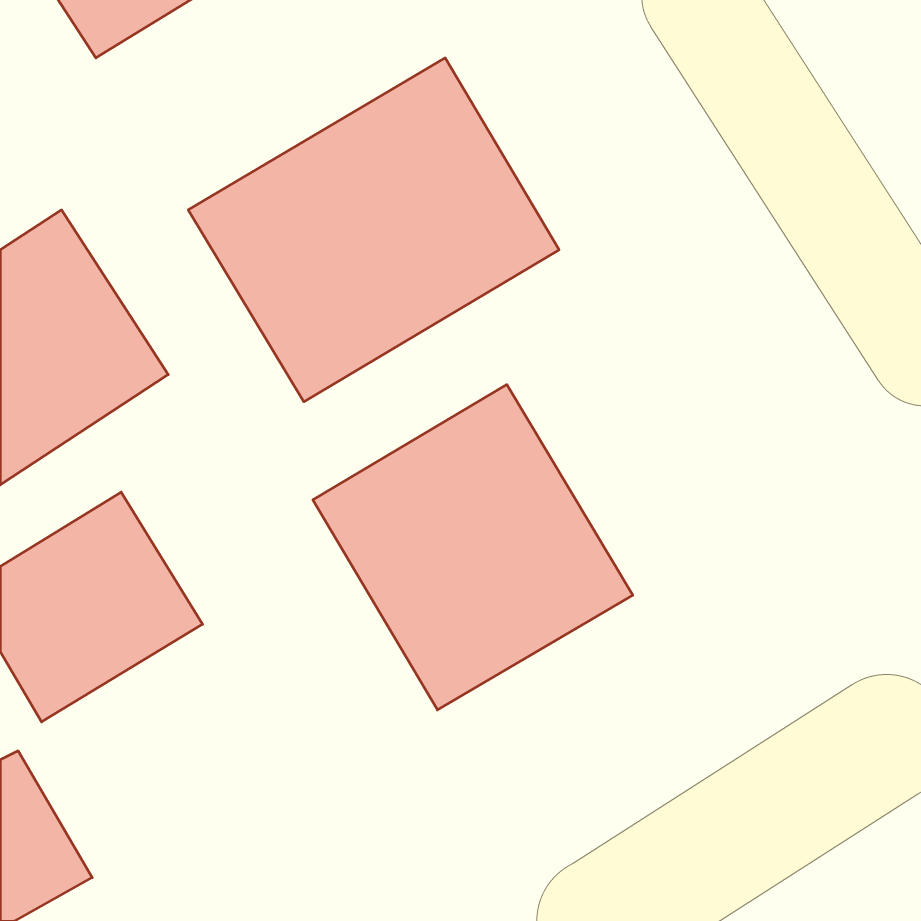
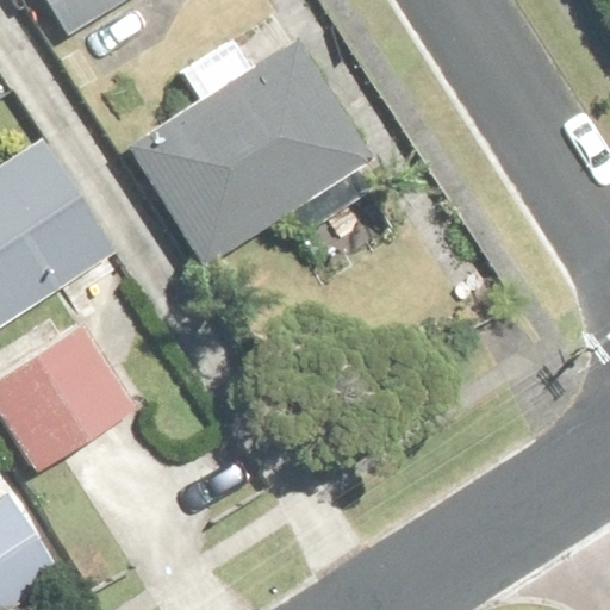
building: [313,385,633,710] -> none

